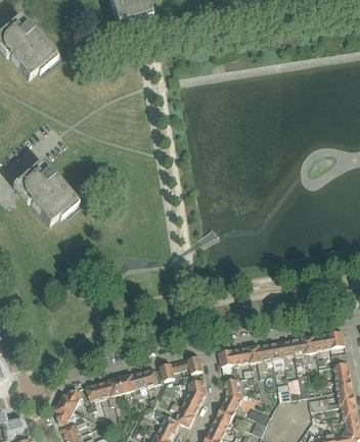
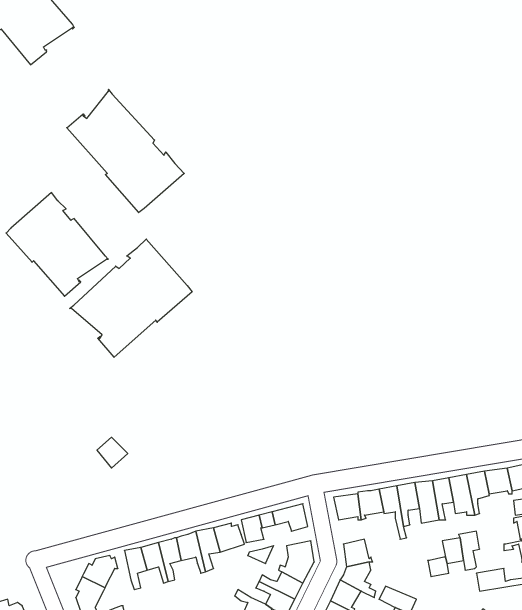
building: none -> [67,89,184,213]
building: none -> [70,239,192,357]

